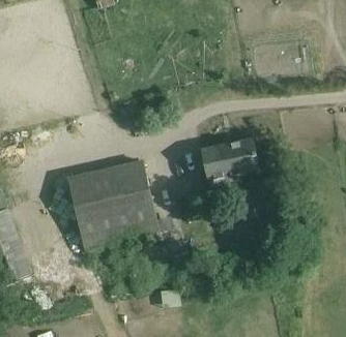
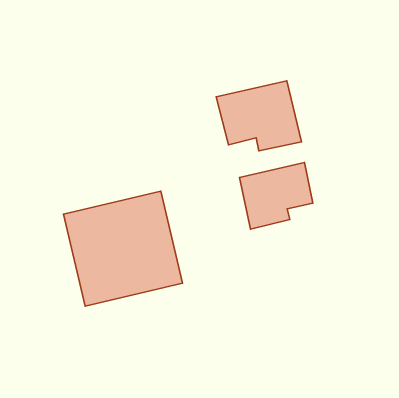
building: none -> [216,81,302,151]

